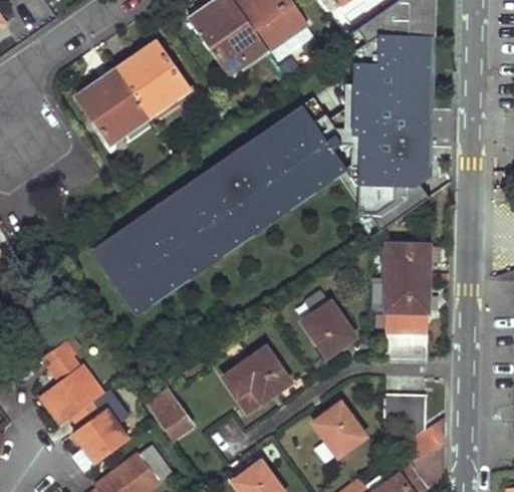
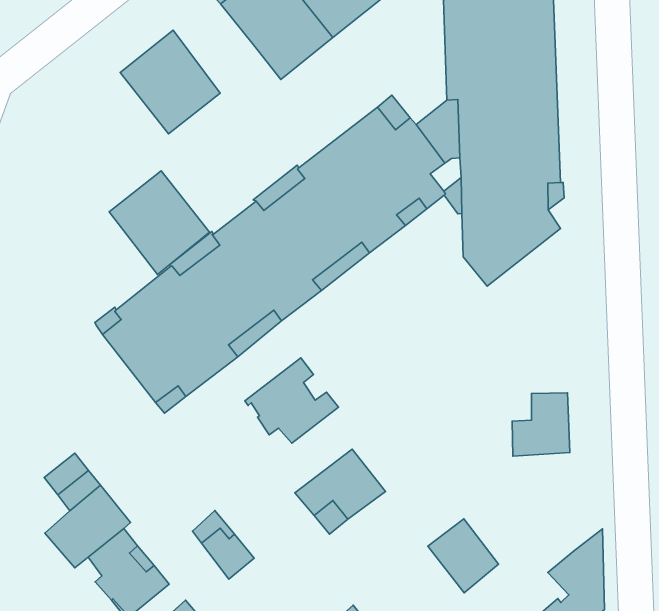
building: [77,68,149,143] -> [109,171,209,274]
building: [383,247,425,313] -> none
building: none -> [245,358,338,443]
building: [305,303,353,353] -> none
building: [382,400,422,450] -> none

